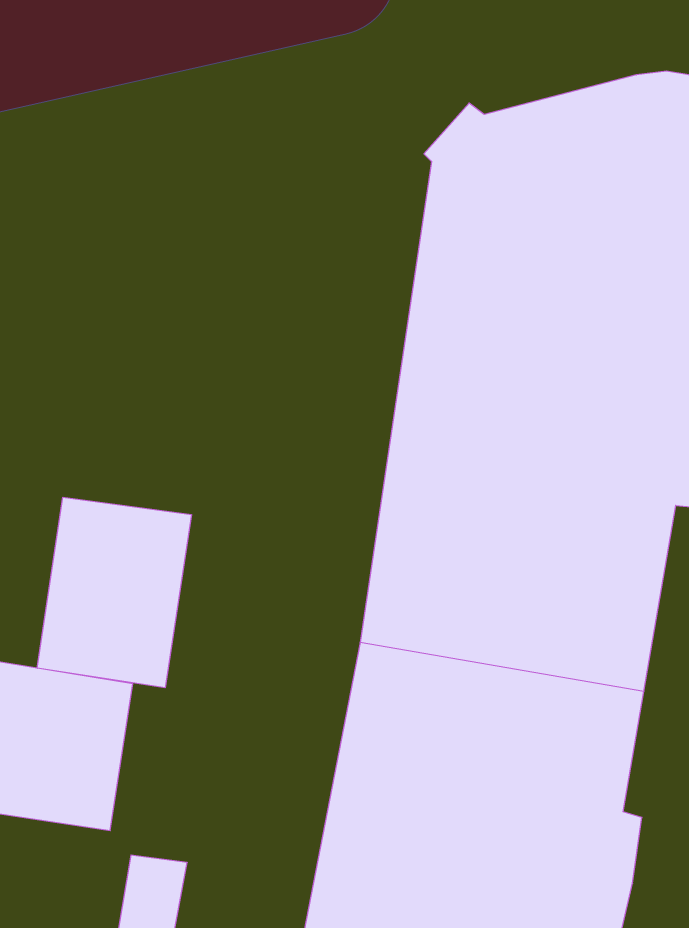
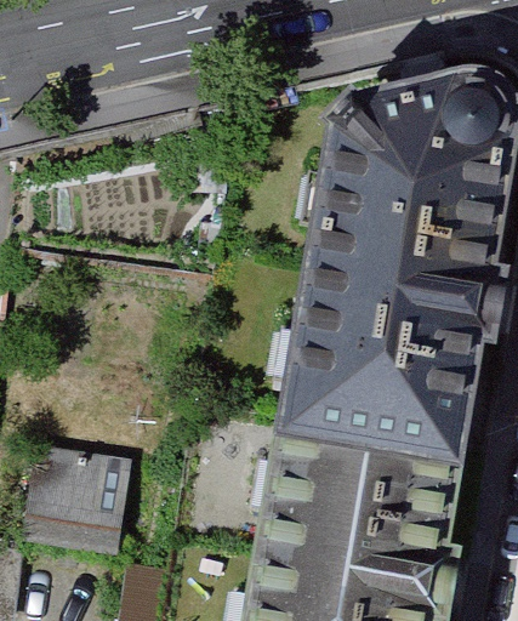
building: [37,497,191,688] -> none

